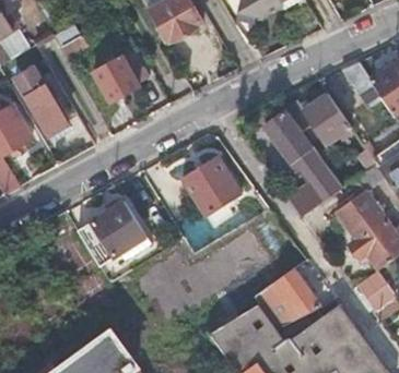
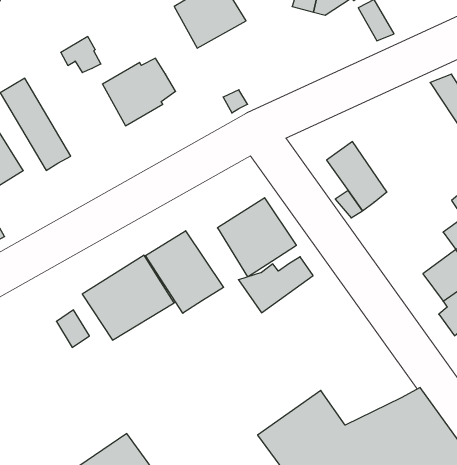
building: [287,94,351,145] -> none
building: [285,175,342,217] -> [238,257,313,313]
building: none -> [146,231,224,313]
building: [255,268,320,328] -> none

